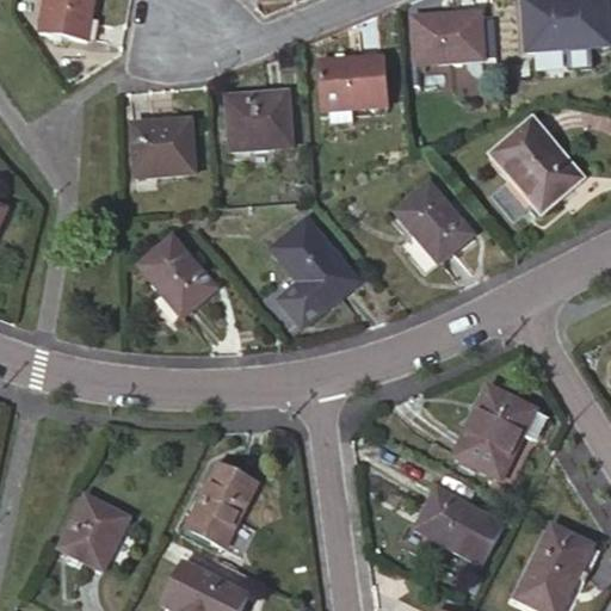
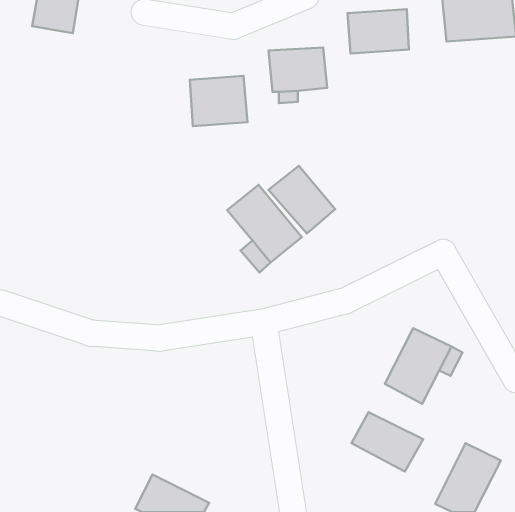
building: [131,118,196,175] -> none
building: [494,121,579,208] -> none
building: [394,181,473,261] -> [268,166,335,233]
building: [138,235,216,316] -> none
building: [185,462,257,547] -> none
building: [58,493,130,569] -> none

